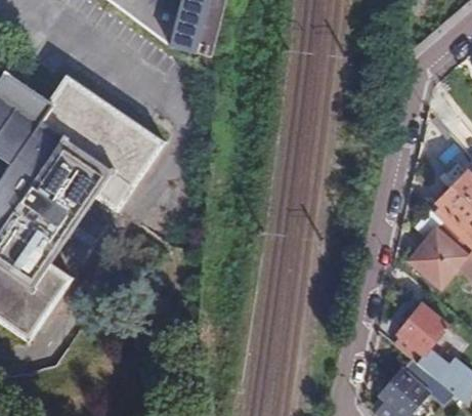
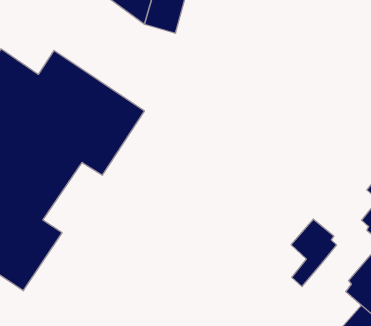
building: none -> [291,219,336,287]

